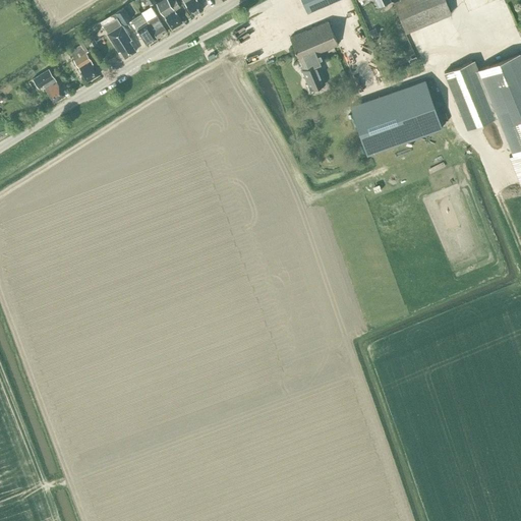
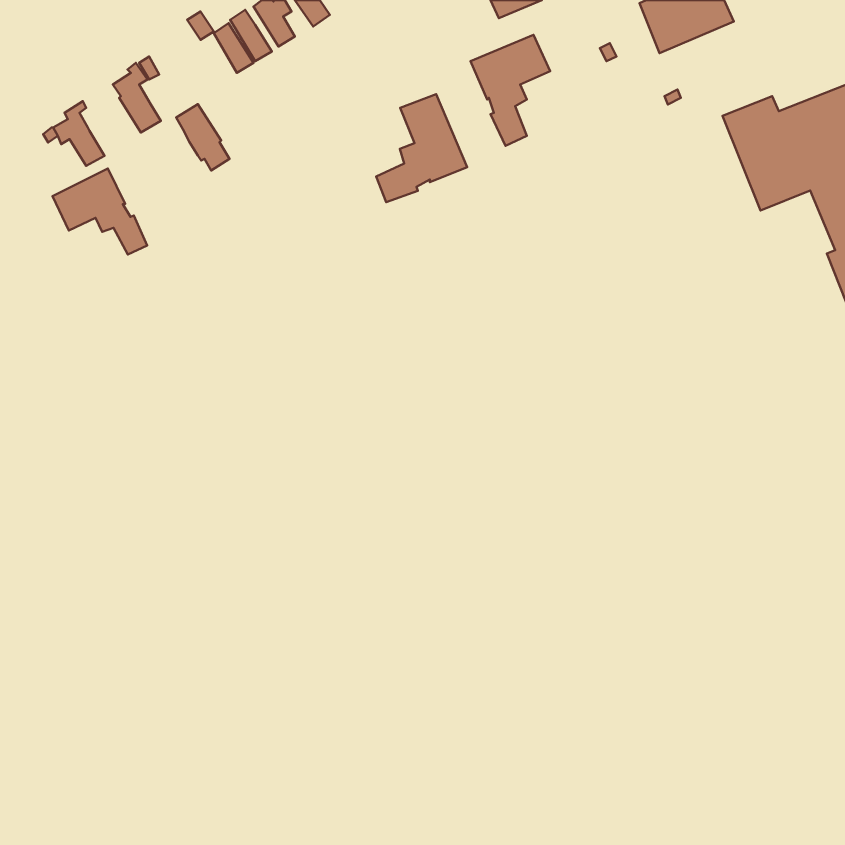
building: [104,18,136,59] -> [176,104,229,170]
building: none -> [376,94,467,202]
building: [351,80,443,155] -> none
building: none -> [53,168,147,255]

